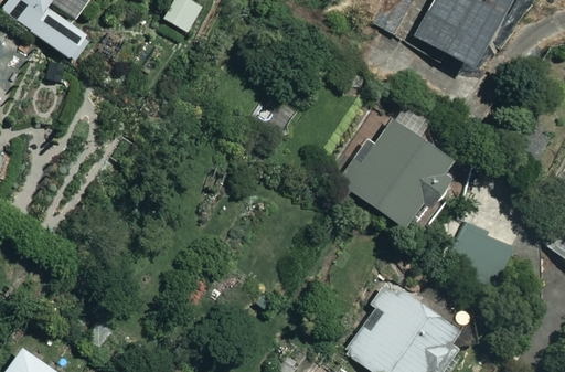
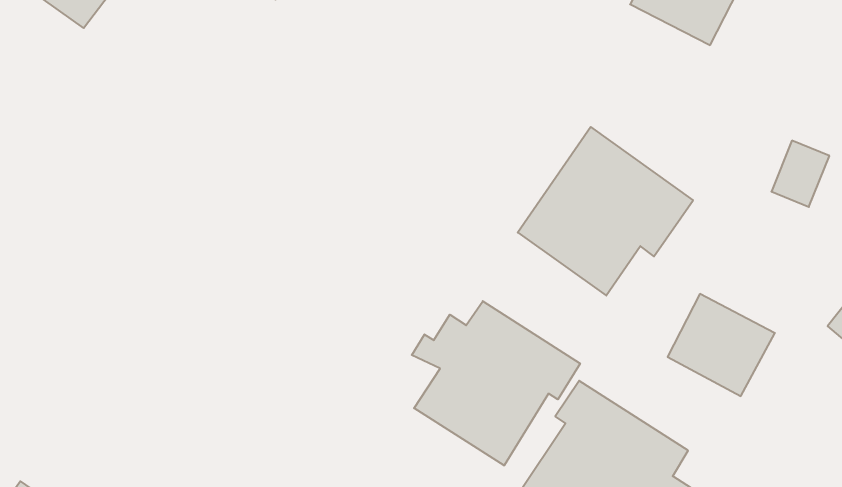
building: none -> [412,301,580,466]

